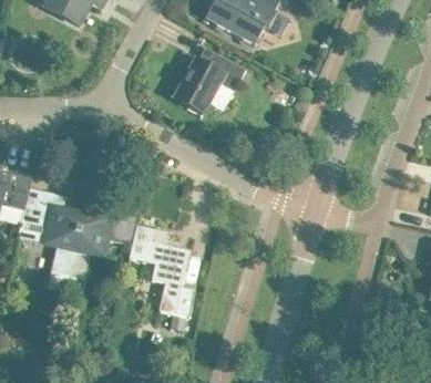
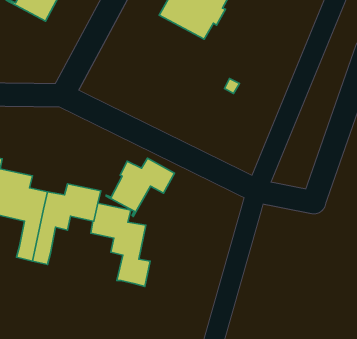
building: [170,52,245,116] -> [106,158,175,216]

